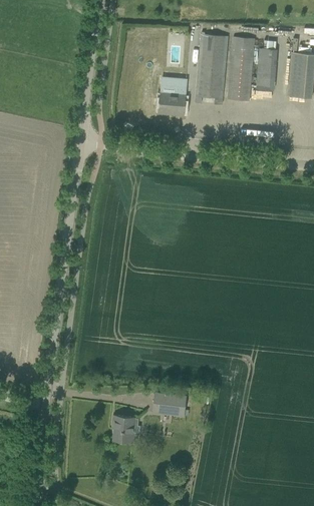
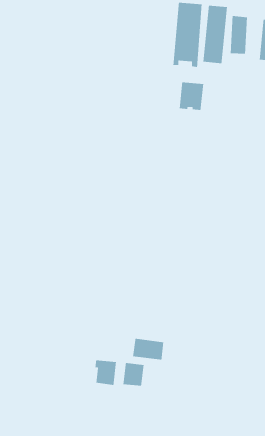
building: [160,84,187,115] -> [179,82,204,111]
building: none -> [122,362,144,387]

